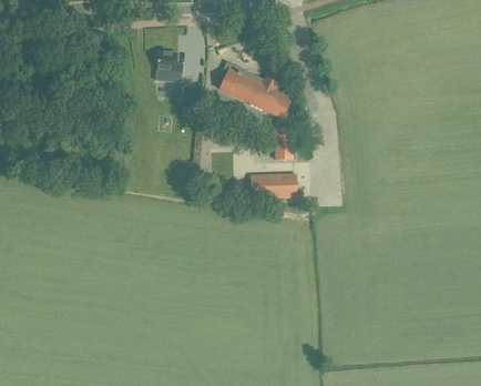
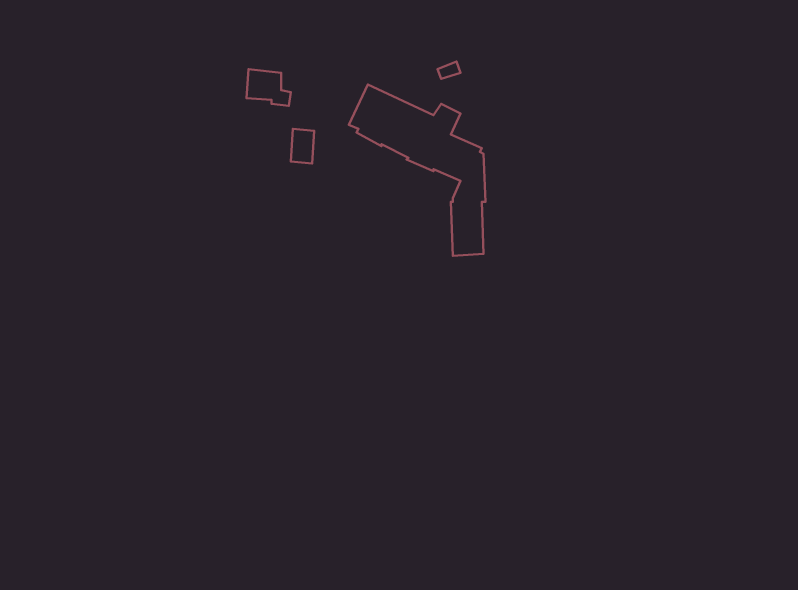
building: [250,174,295,199] -> none

